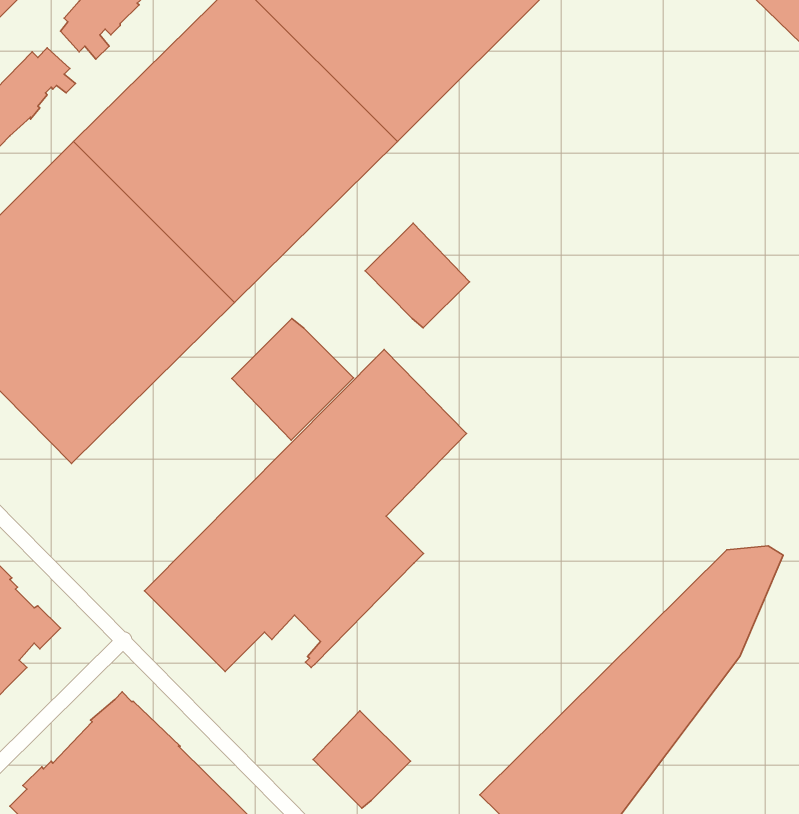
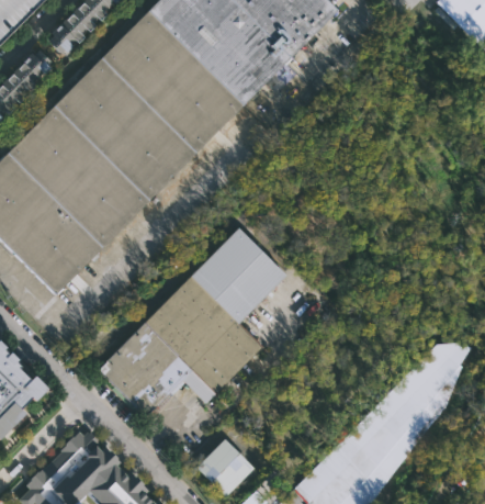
building: [365,223,469,328] -> none
building: [232,318,354,440] -> none

